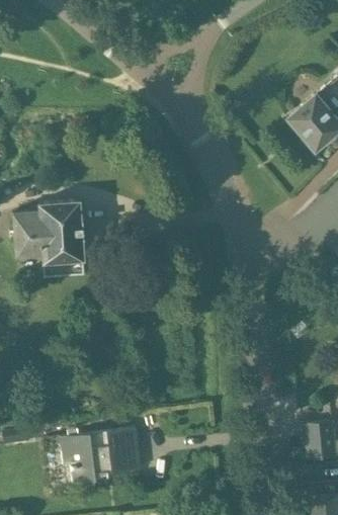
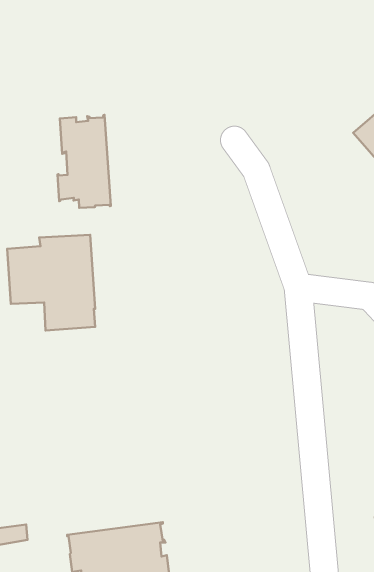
building: none -> [57,115,111,208]

